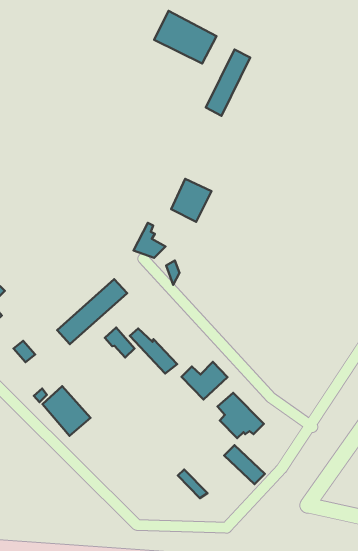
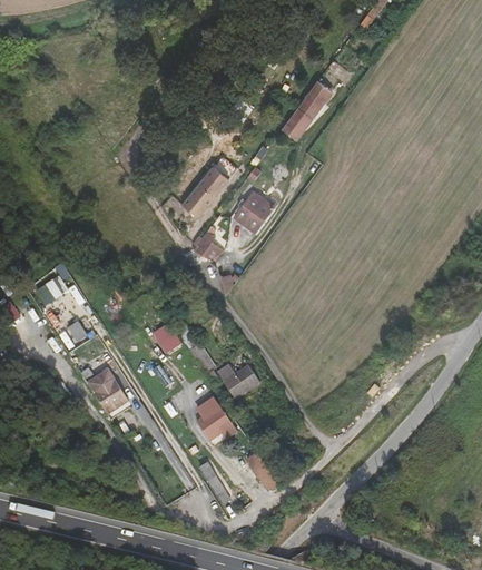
building: [154,11,216,63] -> none
building: none -> [191,160,236,210]
building: [57,279,127,344] -> none
building: [217,393,264,438] -> [195,394,235,436]

